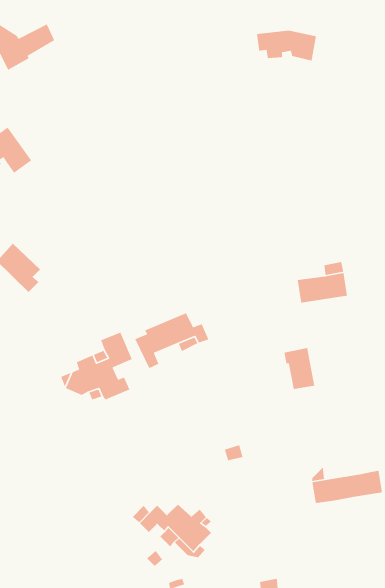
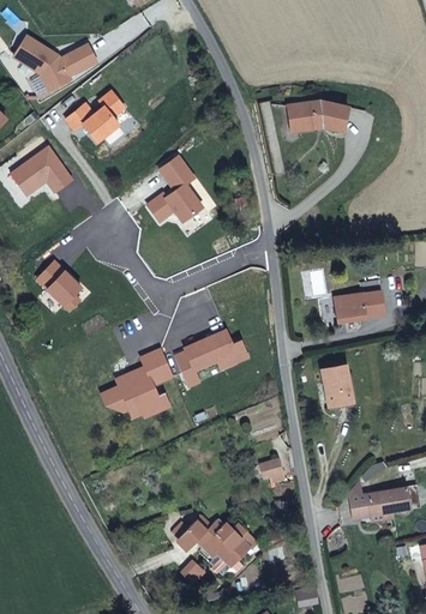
building: [256,30,317,61] -> [289,102,349,133]
building: none -> [66,91,125,143]
building: none -> [149,157,203,222]

